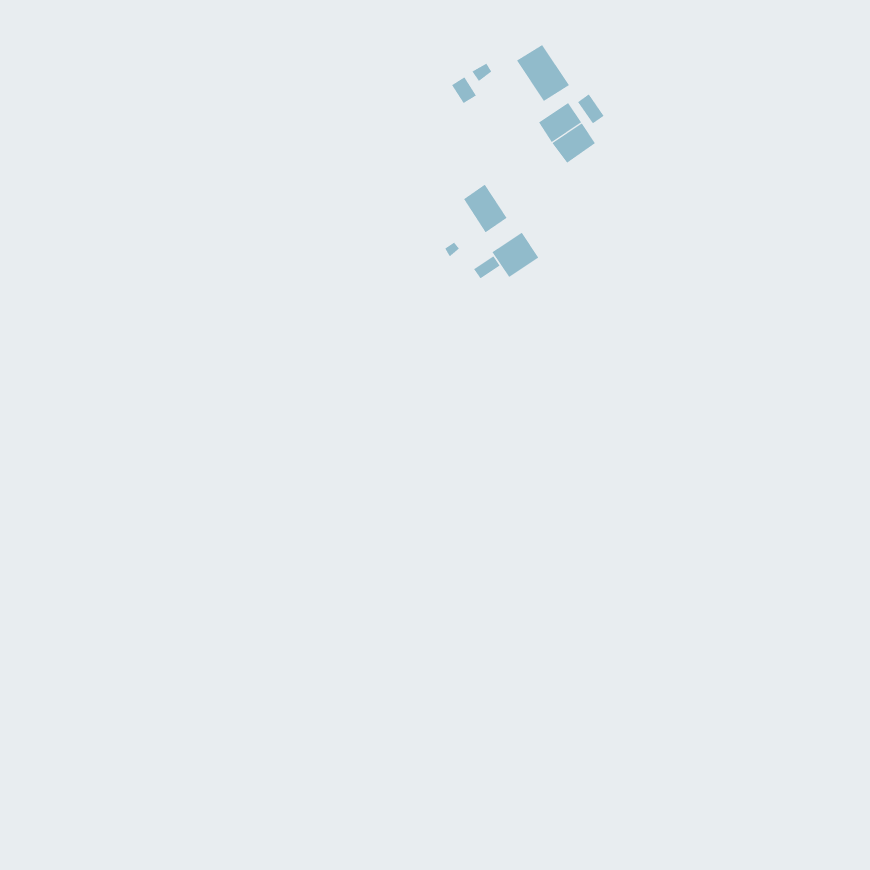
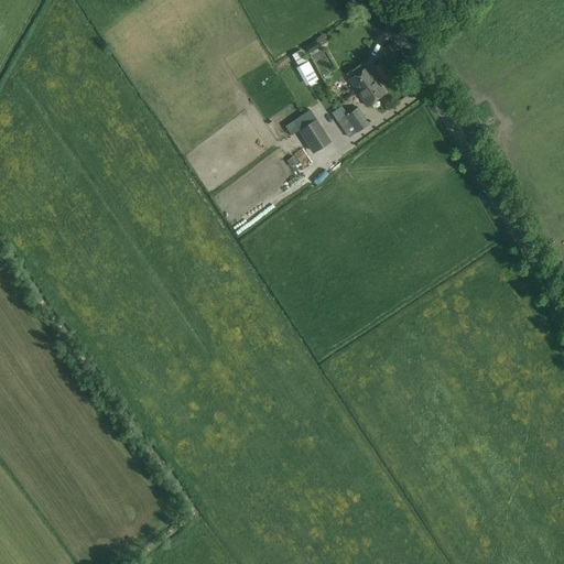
building: [516,44,570,102] -> none
building: [492,232,539,278] -> [338,107,369,137]

